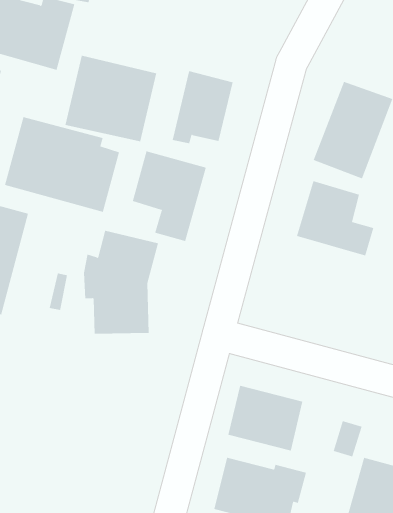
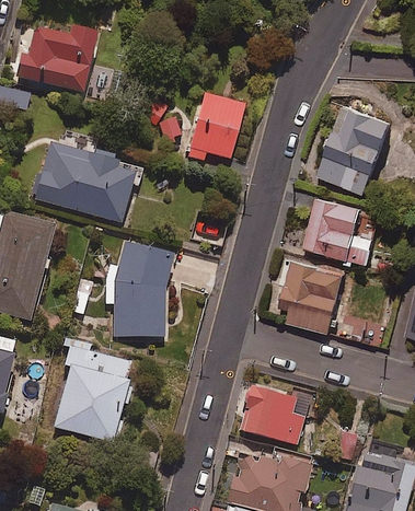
building: [65,55,157,142] -> none
building: [132,151,207,242] -> none
building: none -> [278,258,345,333]
building: none -> [54,347,134,442]

